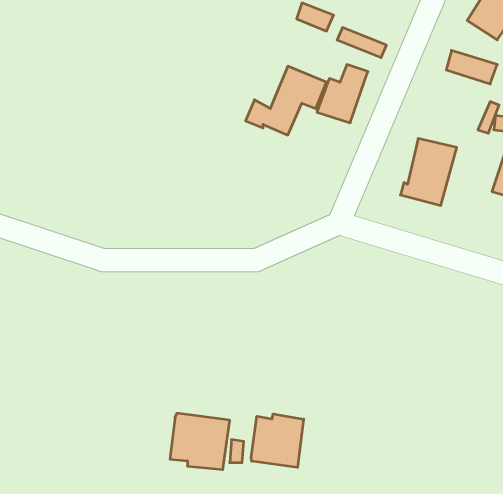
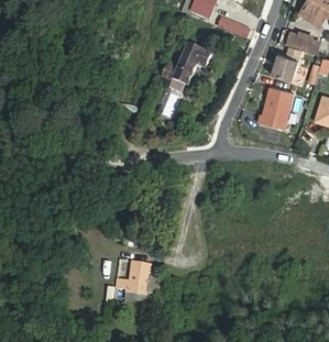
building: [317,65,368,123] -> [271,45,303,81]
building: [251,414,304,467] -> none

